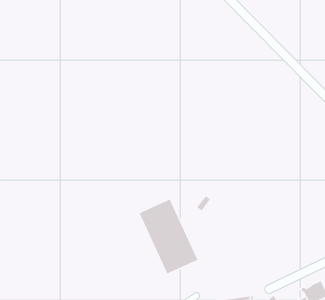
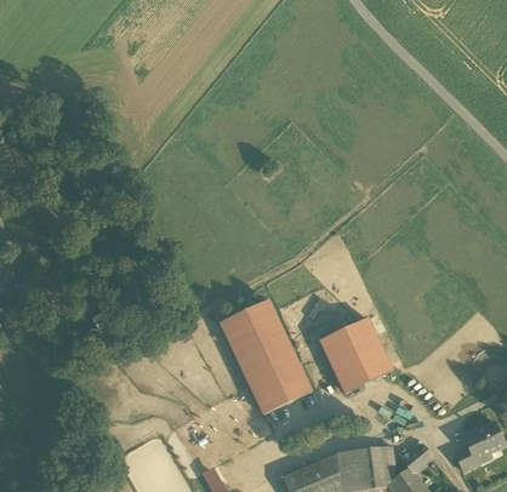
building: none -> [320,317,392,394]

